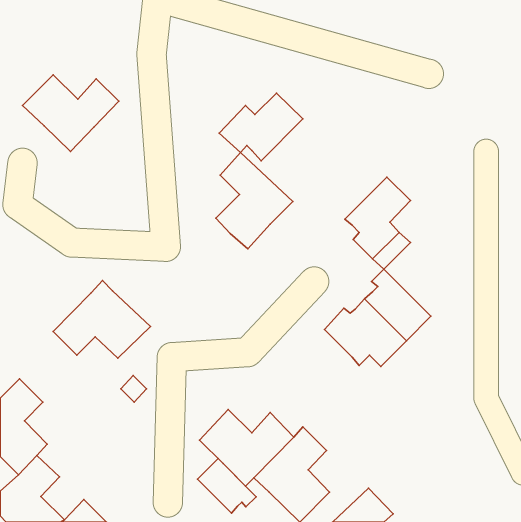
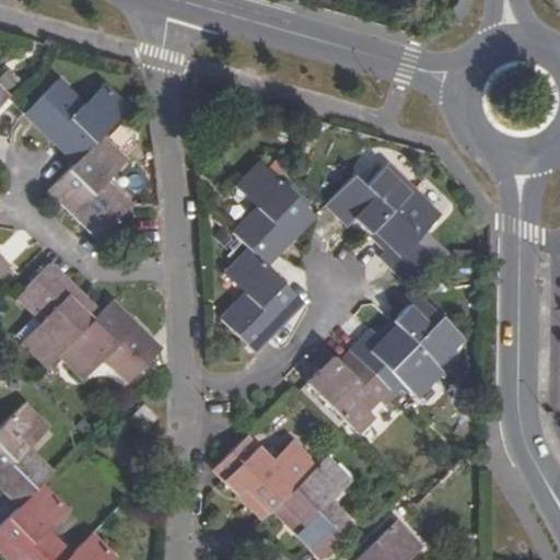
building: [219,93,303,161] -> [326,162,416,234]
building: none -> [50,136,132,238]
building: none -> [221,249,302,351]
building: none -> [19,266,100,366]
building: none -> [307,352,386,433]
building: [197,459,256,513] -> none

